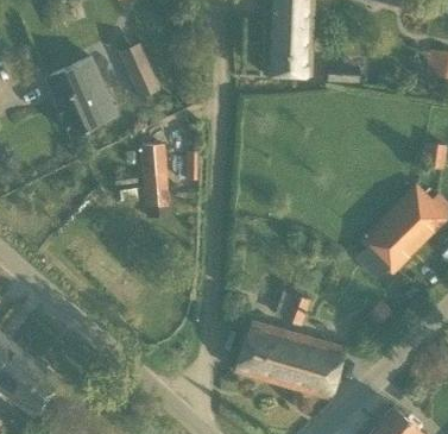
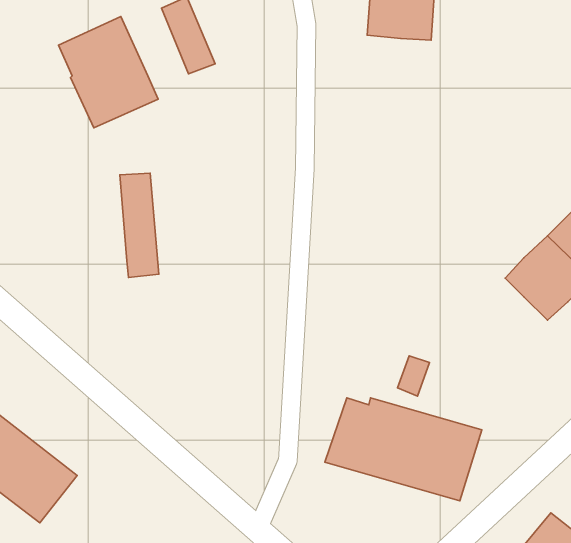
building: [141,145,169,219] -> [120,173,159,278]

